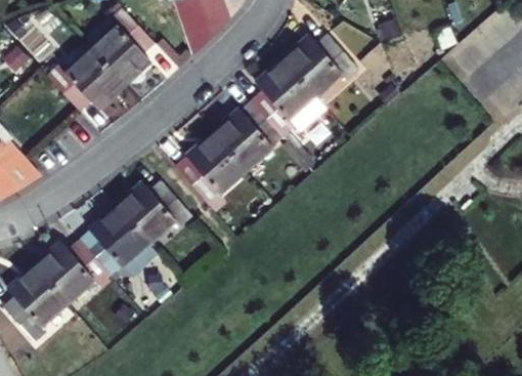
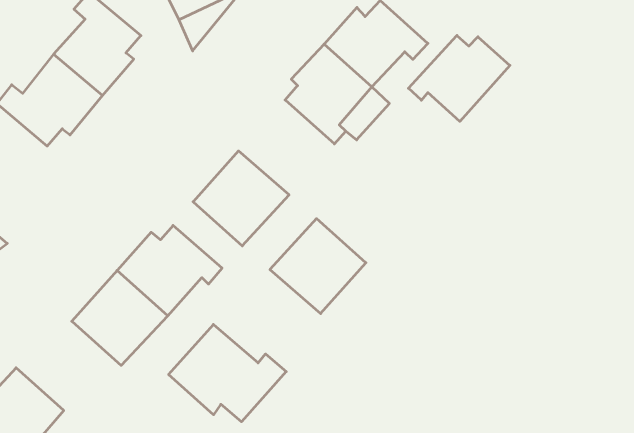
building: none -> [408,35,510,121]
building: [214,100,284,169] -> [270,219,366,314]
building: [36,242,112,305] -> none
building: none -> [169,324,286,422]

